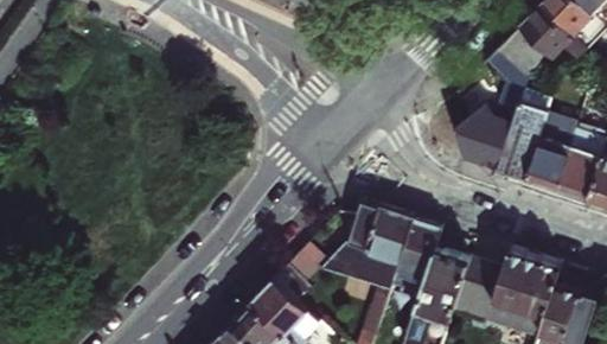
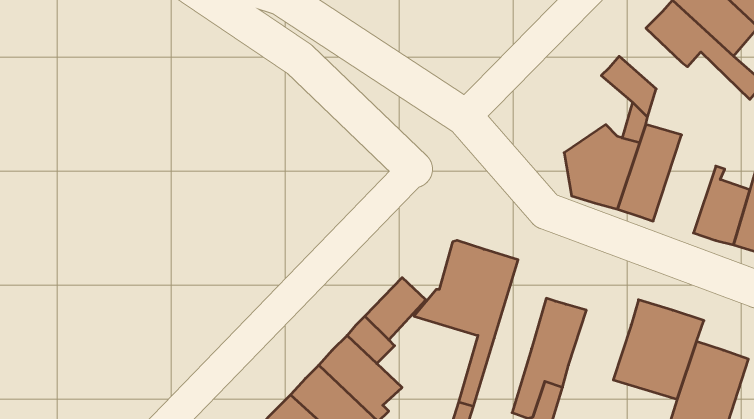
building: [494,31,544,79] -> none
building: [522,113,571,195] -> none
building: [395,216,443,287] -> none
building: [454,256,504,312] -> none

